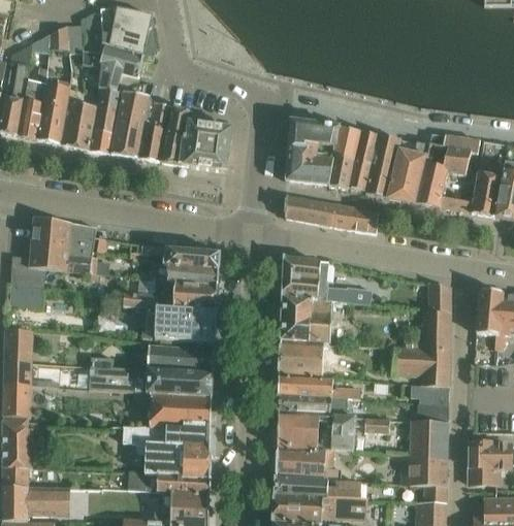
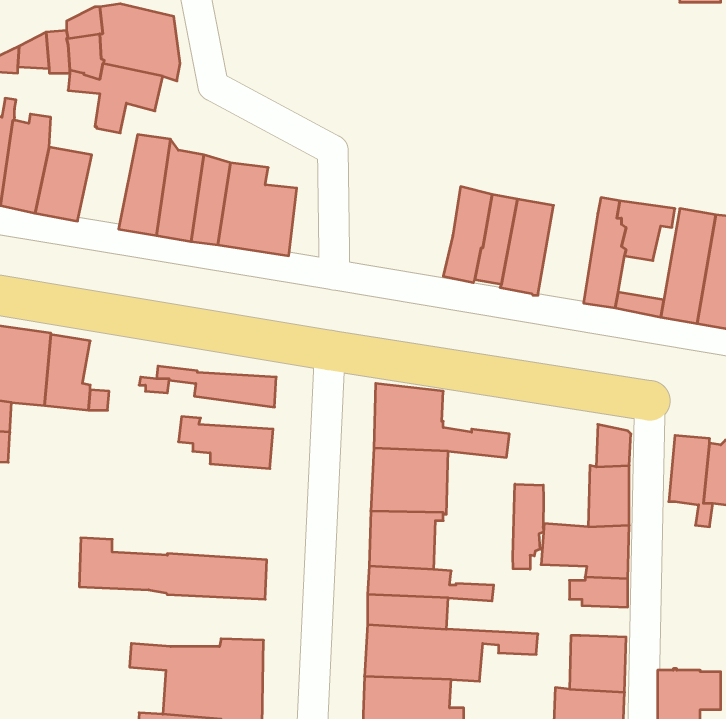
building: [88,89,127,155] -> none
building: [286,120,339,186] -> none
building: [389,139,428,203] -> none
building: [284,195,378,233] -> none
building: [149,261,217,286] -> none
building: [123,292,214,341] -> none
building: none -> [513,484,544,569]
building: [147,344,212,371] -> none
building: [134,391,211,428] -> none
building: [417,401,448,422] -> none

